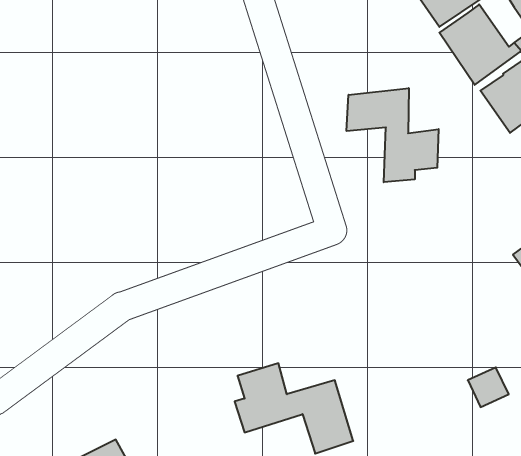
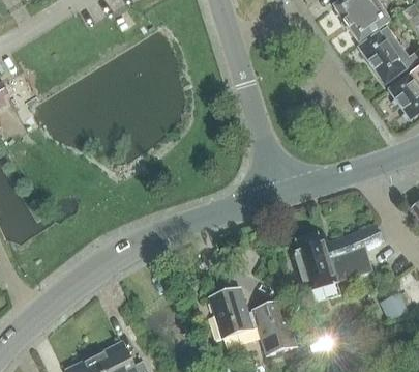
building: [347,88,439,182] -> none
building: none -> [291,224,384,290]

